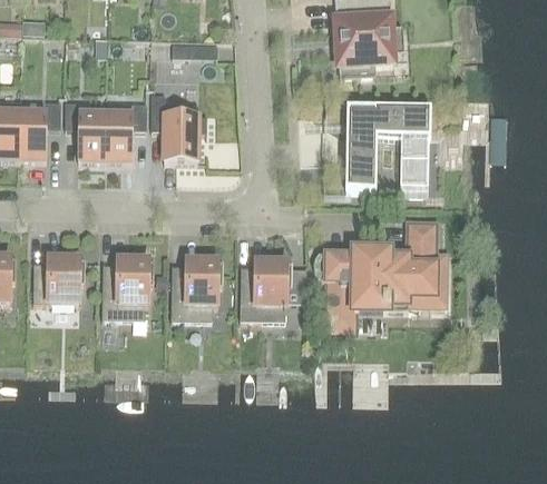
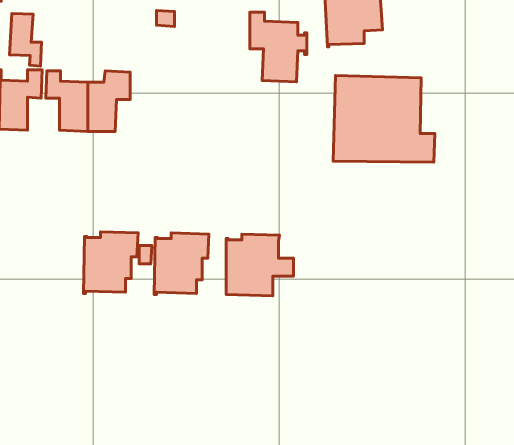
building: none -> [10,13,42,66]
building: [152,91,207,159] -> [250,12,307,82]
building: [315,220,446,328] -> none
building: [33,255,86,300] -> none

